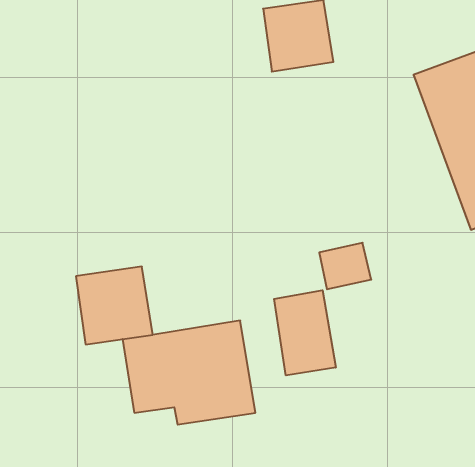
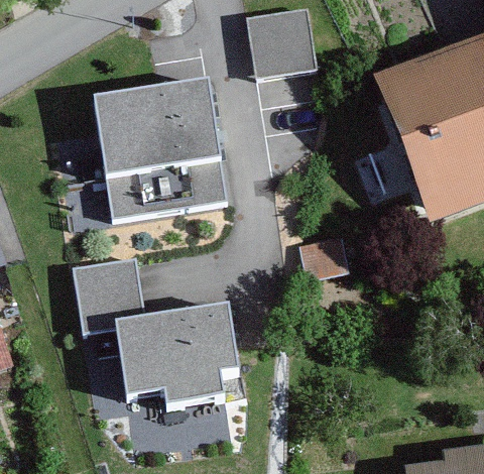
building: none -> [96,83,221,215]
building: [274,290,336,375] -> none

